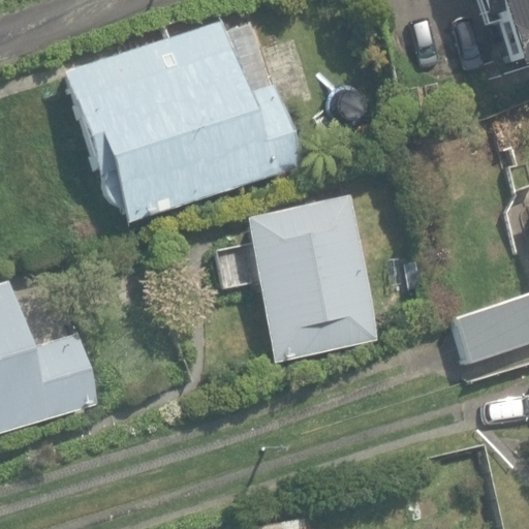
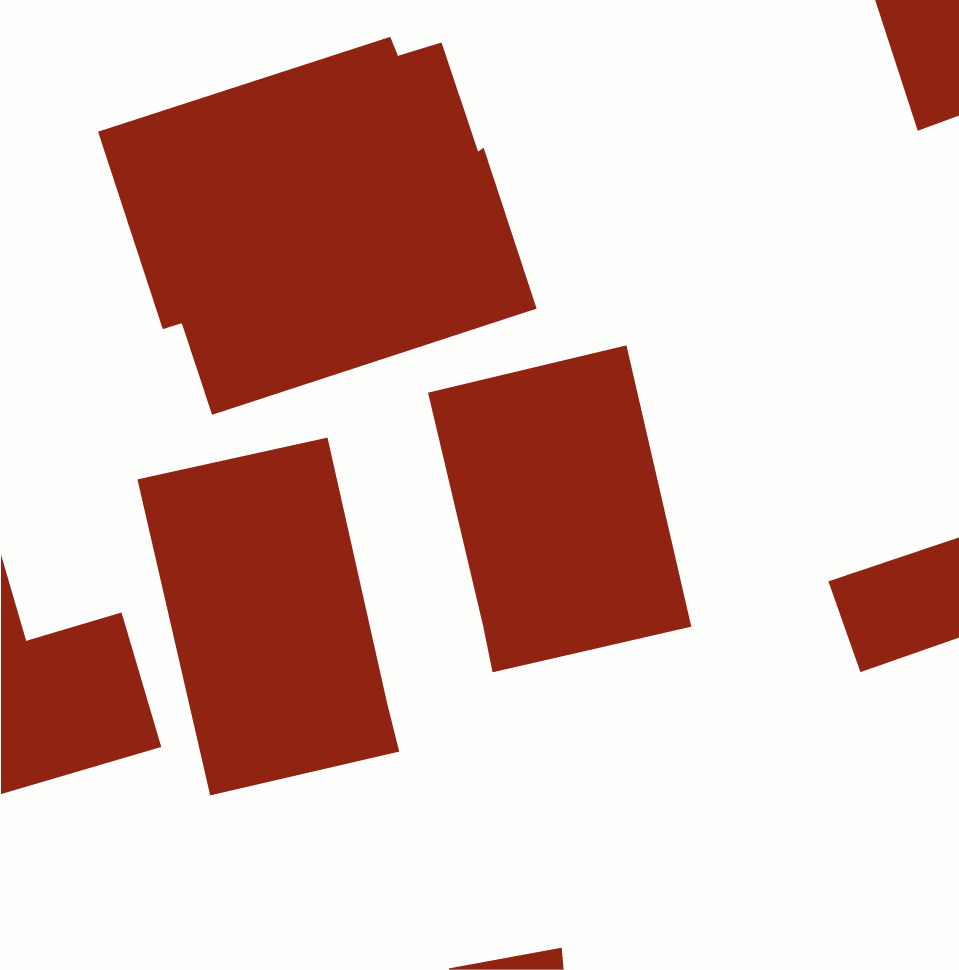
building: none -> [137,437,400,796]

